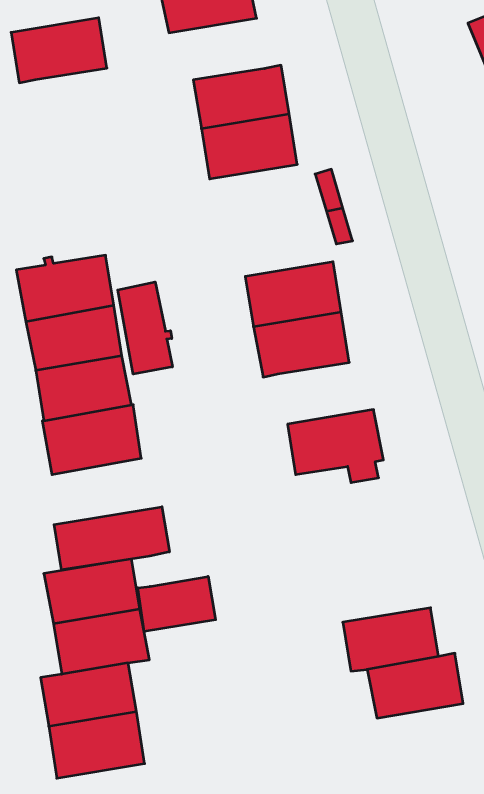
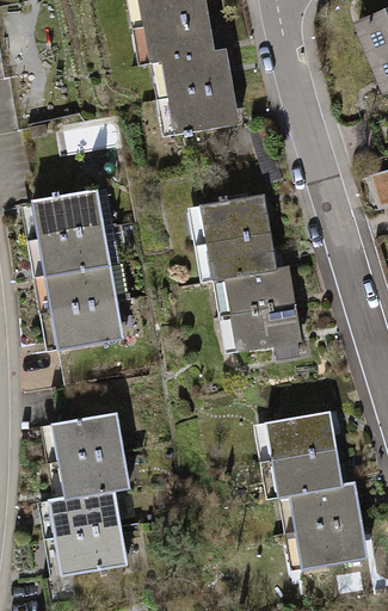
building: [11,18,107,83] -> [143,16,214,63]
building: [118,282,172,374] -> none
building: none -> [223,266,294,314]
building: [54,507,169,570] -> none
building: none -> [265,411,335,459]
building: [138,576,216,632] -> none
building: none -> [296,519,367,567]

